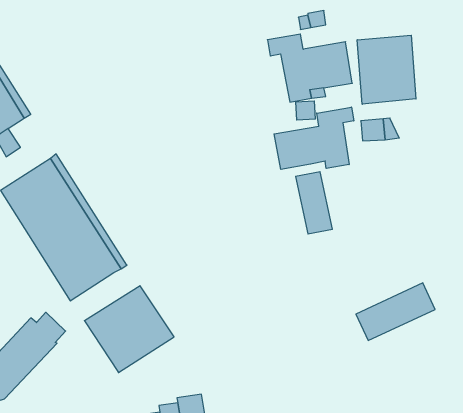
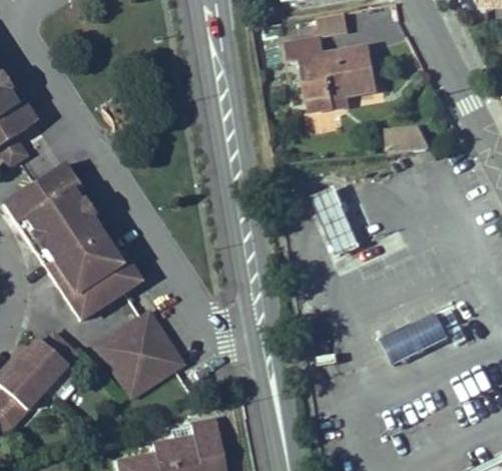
building: [357,35,416,104] -> none
building: [274,107,354,169] -> none

